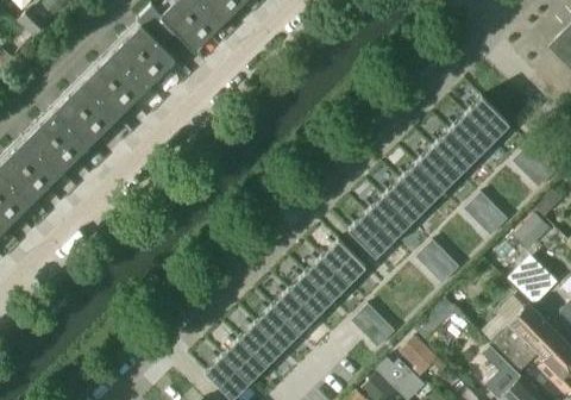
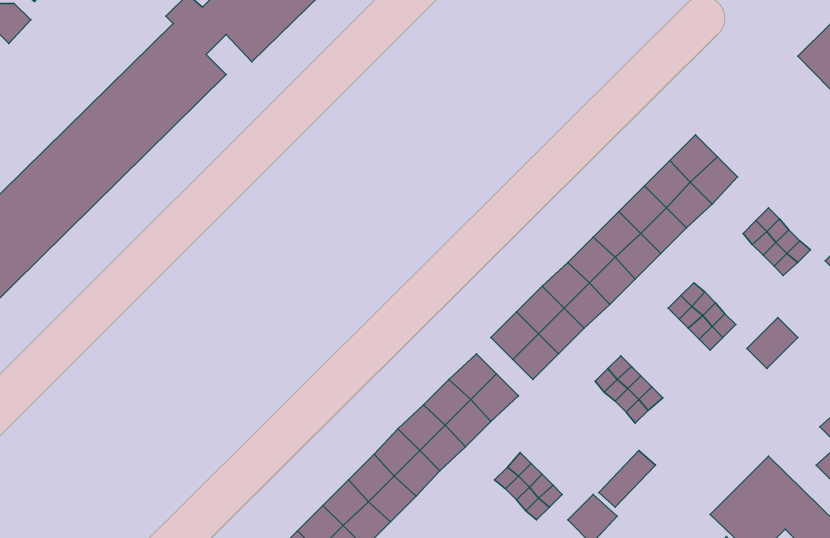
building: [512,265,551,304] -> none

